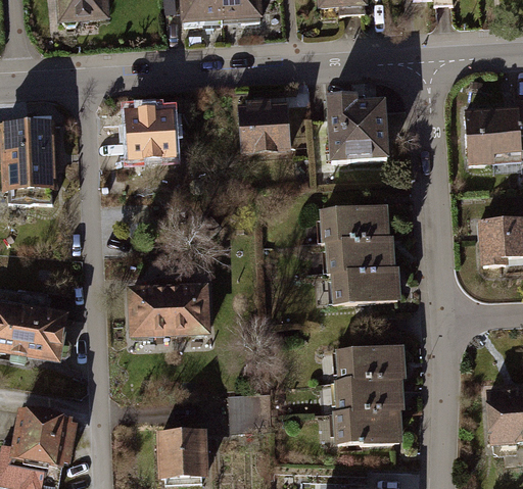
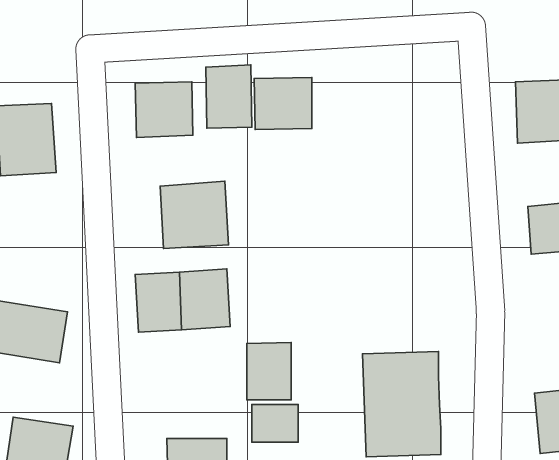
building: none -> [206,65,252,128]
building: [324,98,388,157] -> none
building: none -> [160,181,229,249]
building: [320,205,396,301] -> none
building: none -> [247,343,291,400]

